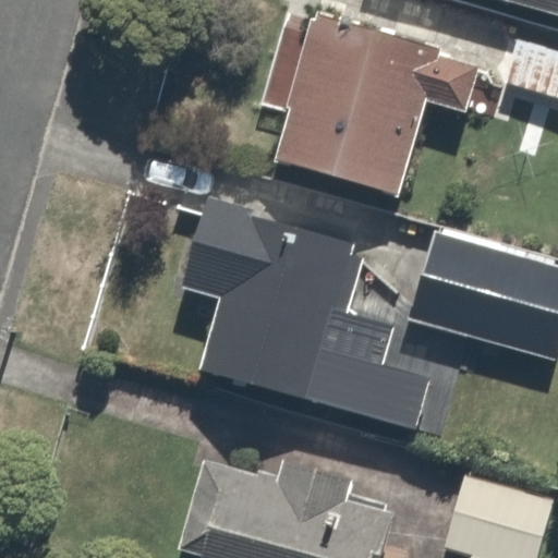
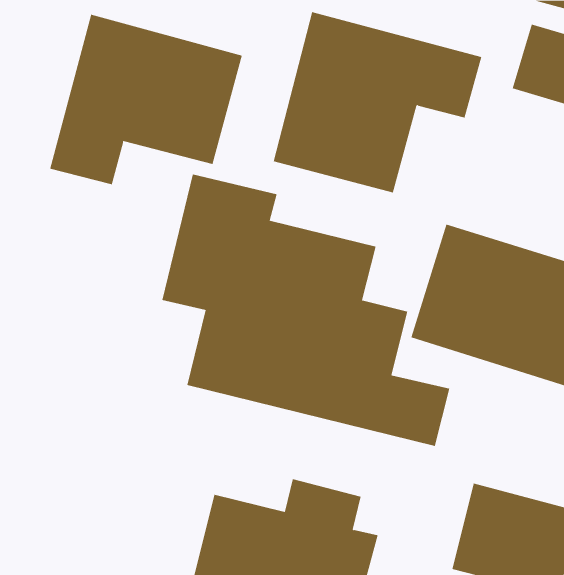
building: none -> [49,14,242,185]

